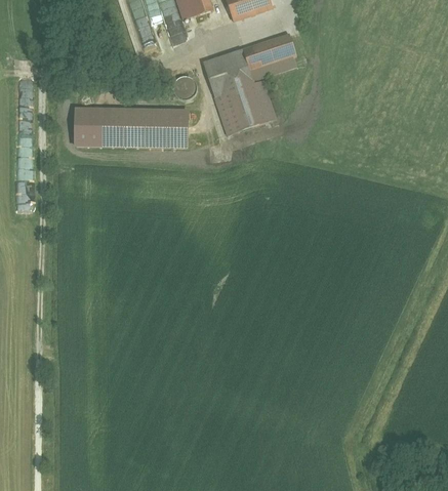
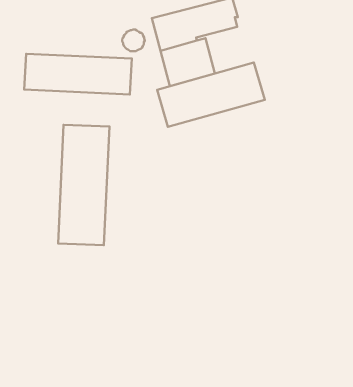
building: none -> [157,63,265,127]
building: none -> [58,125,109,245]

